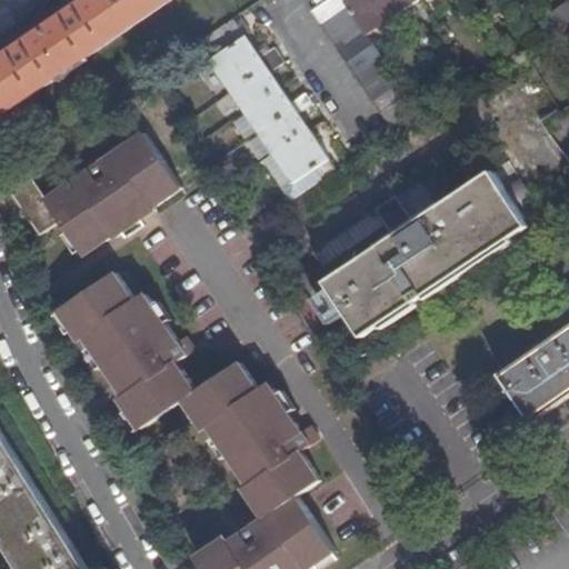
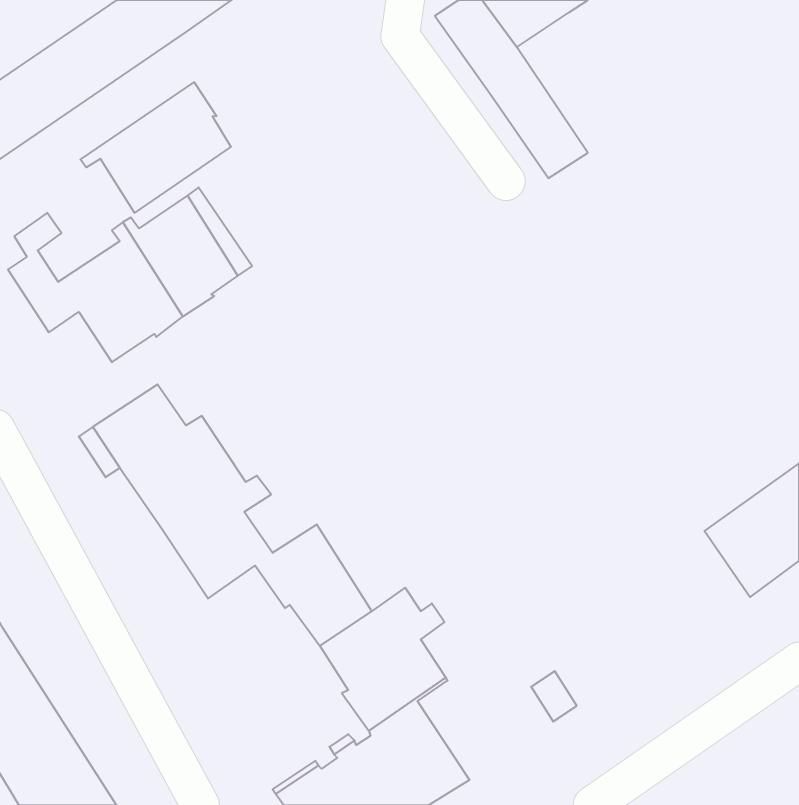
building: [197,17,332,182] -> none
building: none -> [80,82,231,213]
building: [308,172,527,338] -> none
building: [223,362,286,431] -> none

